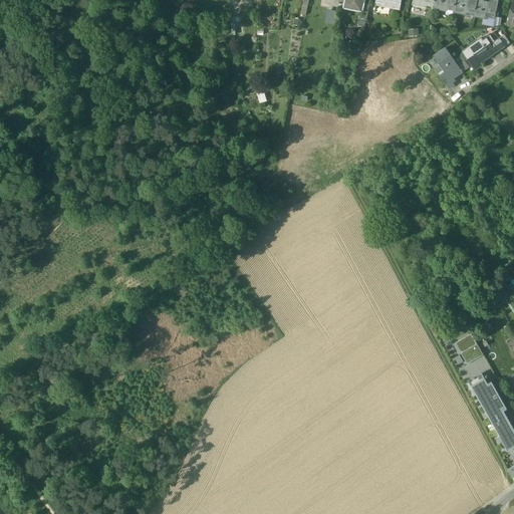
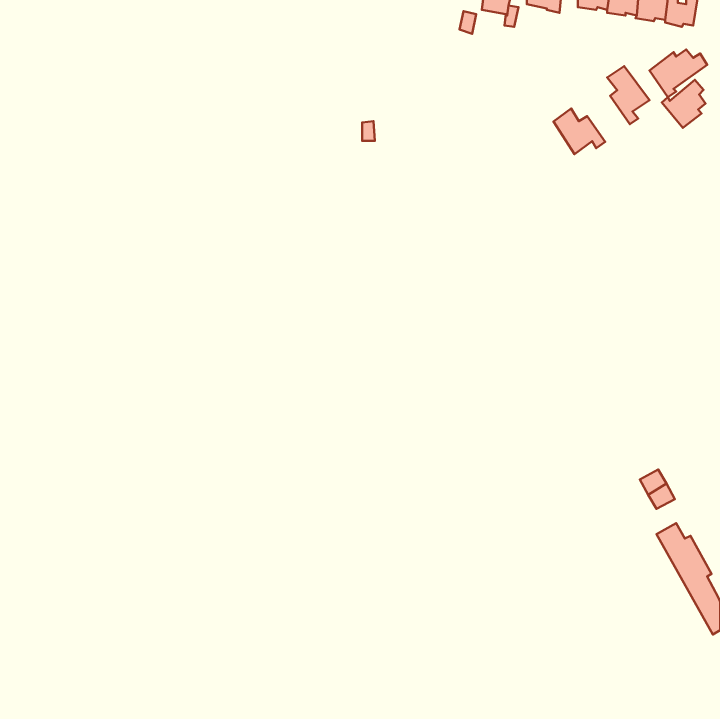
building: none -> [662,80,706,128]
building: none -> [553,109,605,154]

